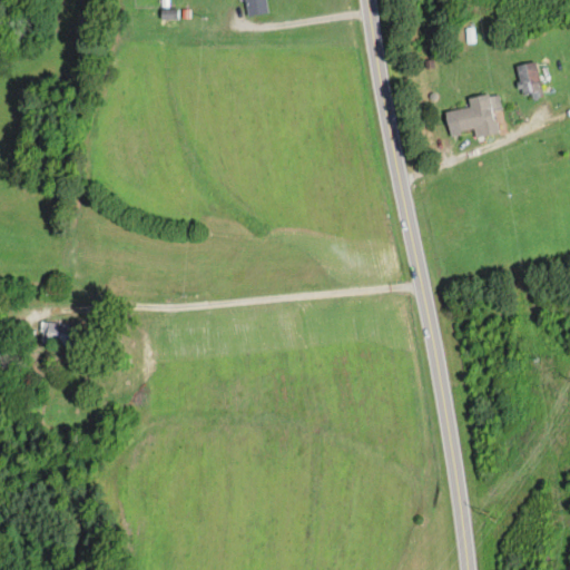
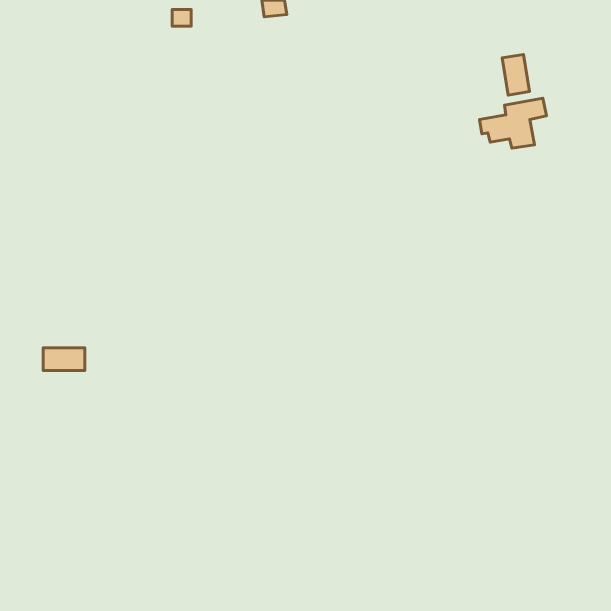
building: [517,61,542,99] -> [502,54,530,95]

